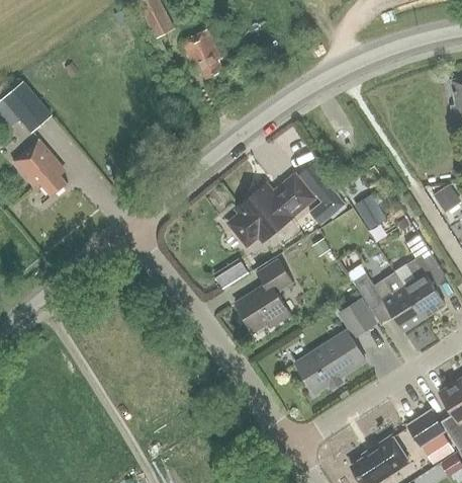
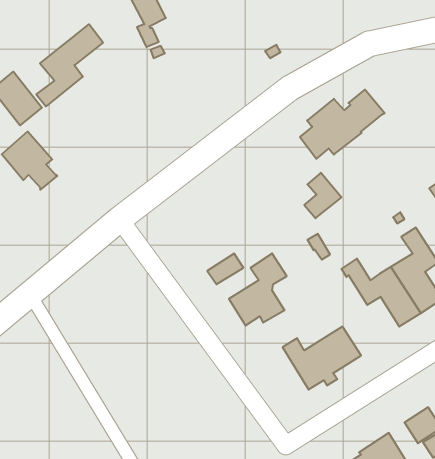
building: [181,29,222,78] -> none
building: none -> [36,24,103,106]
building: [230,176,313,244] -> [300,90,385,159]
building: [353,194,385,230] -> none
building: [340,300,375,336] -> none

